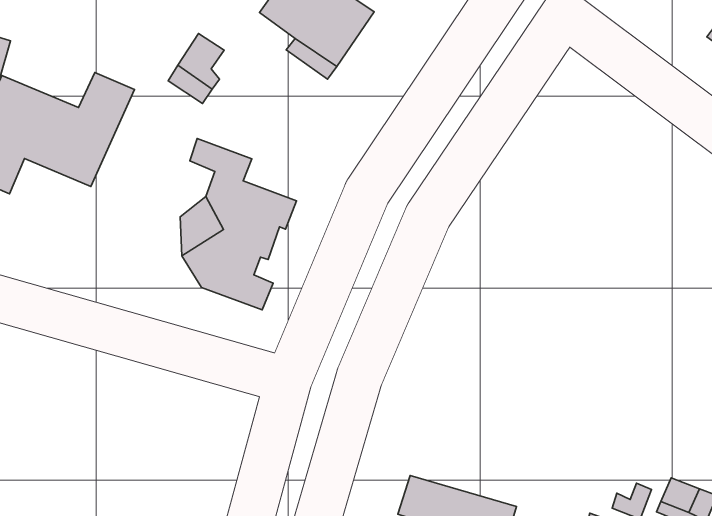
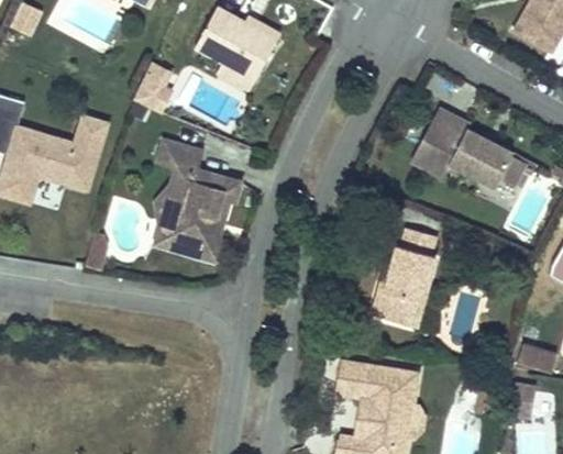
building: none -> [410,107,525,187]
building: none -> [373,225,434,325]

